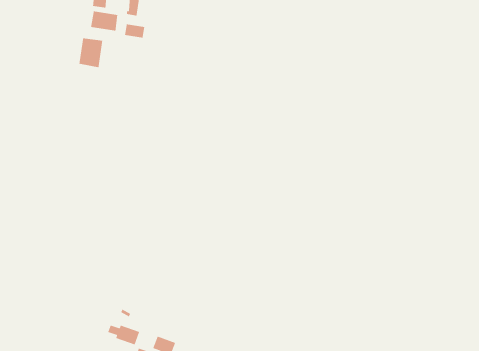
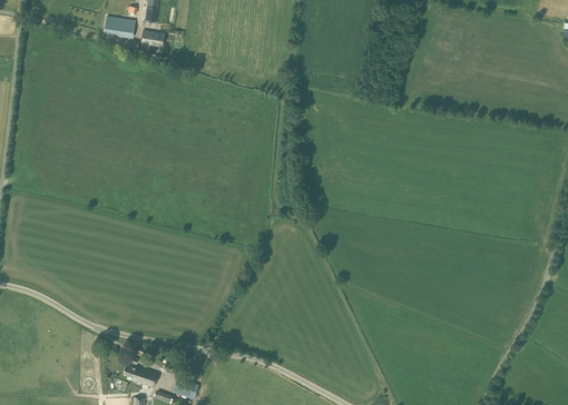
building: [79,38,103,68] -> none

